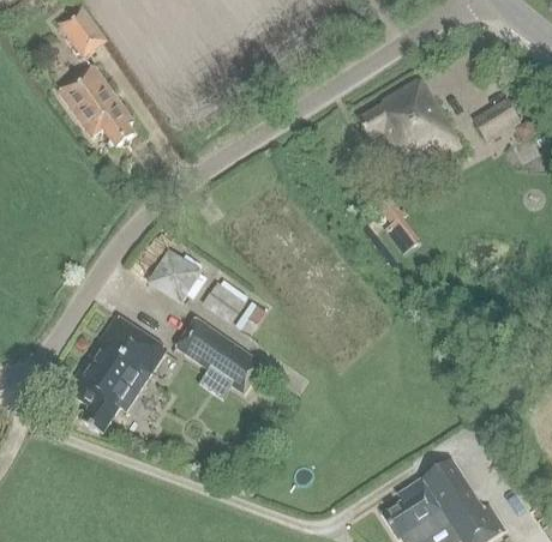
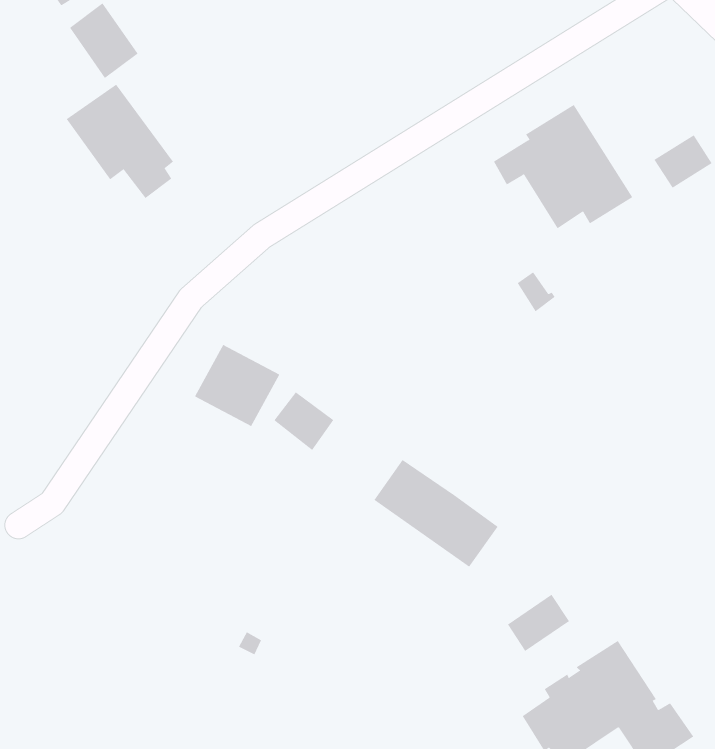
building: [71,314,168,433] -> none
building: [176,318,265,395] -> [373,459,498,567]
building: none -> [507,594,570,652]

